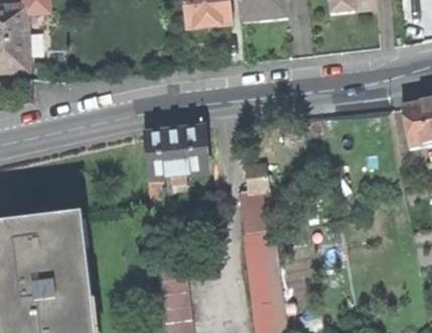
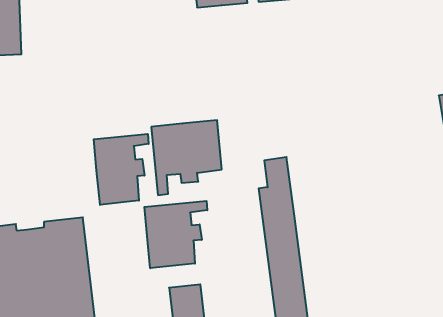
building: none -> [94,134,149,205]
building: none -> [144,201,207,268]

